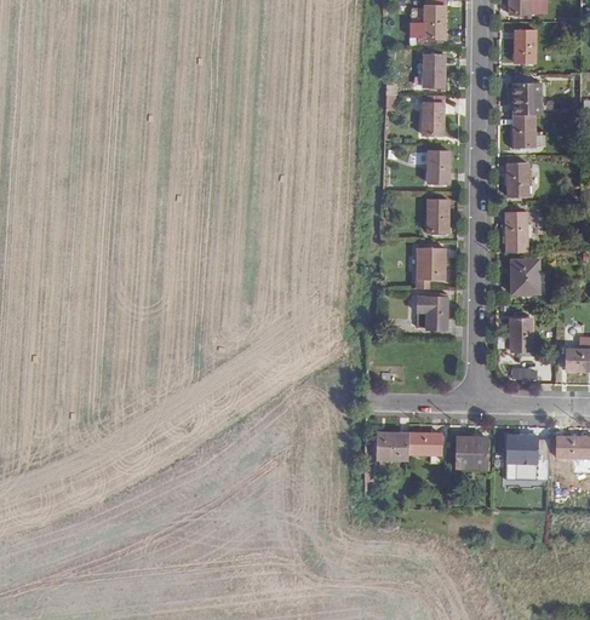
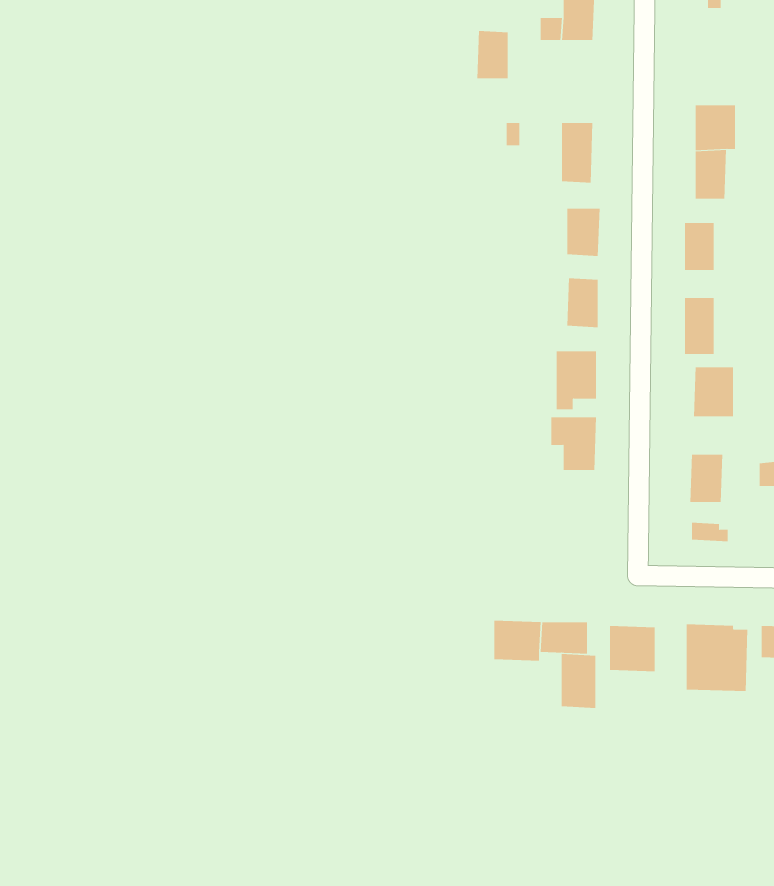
building: [515,29,537,61] -> none
building: [422,53,443,86] -> [476,31,508,79]
building: none -> [561,653,596,709]

